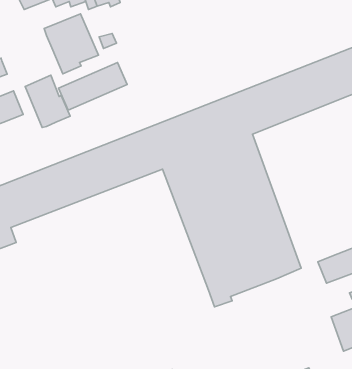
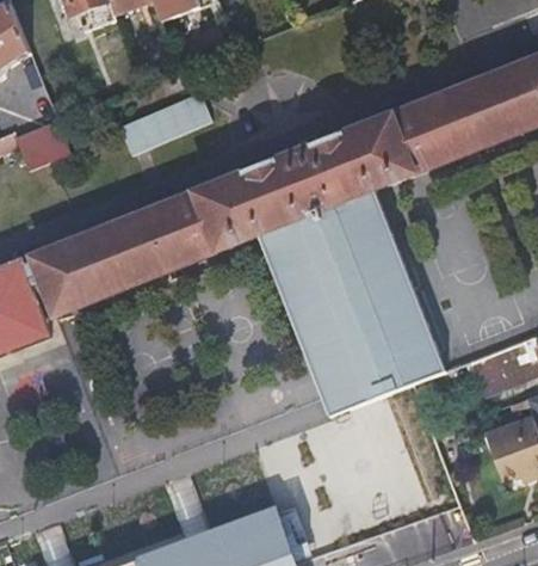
building: [44,14,98,74] -> none
building: [25,75,70,127] -> none

